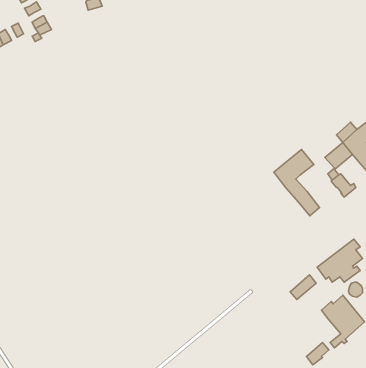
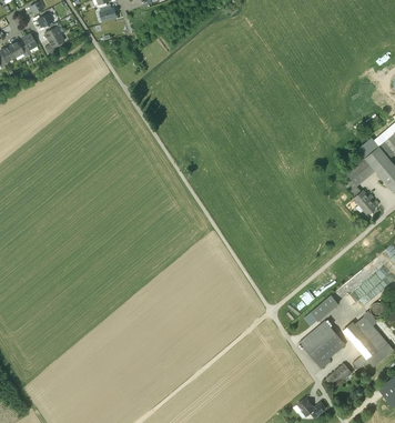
building: [274,149,319,216] -> none
building: none -> [298,320,345,367]

